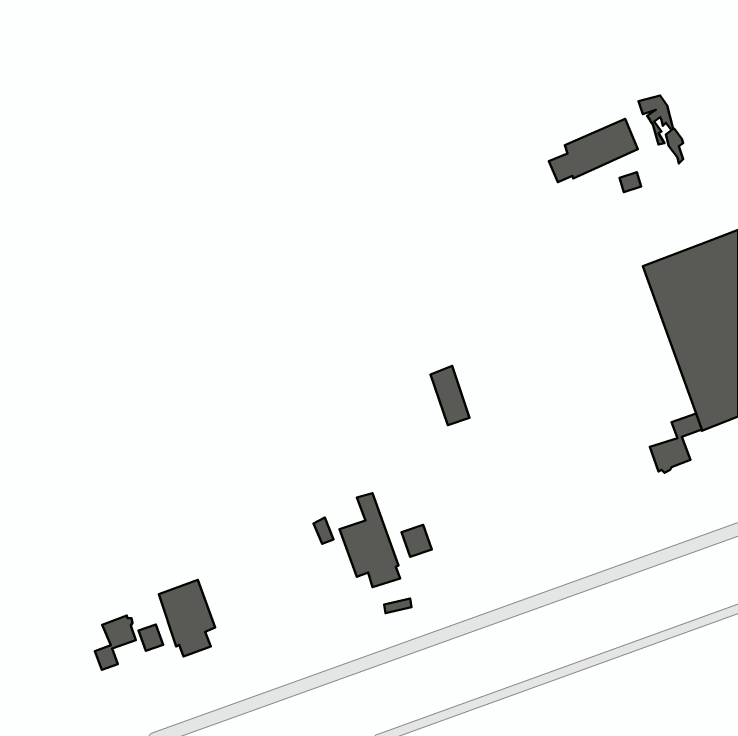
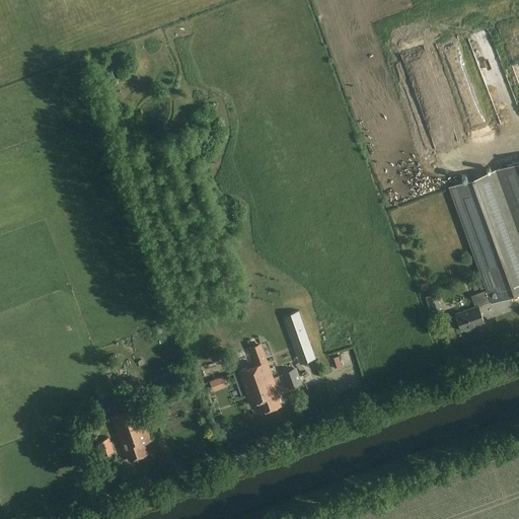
building: [549,119,638,182] -> none
building: [430,366,469,425] -> [288,316,315,358]
building: [95,616,136,670] -> none

